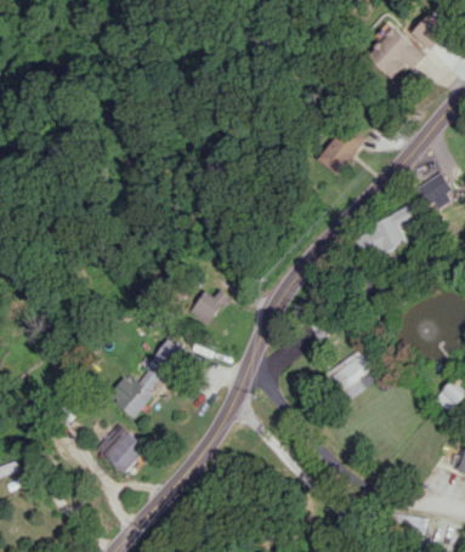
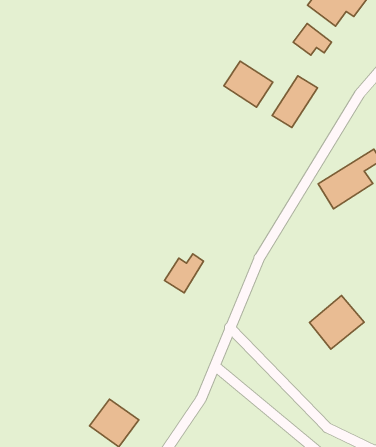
building: none -> [293,24,332,55]
building: none -> [224,61,273,107]
building: [107,338,183,417] -> none

